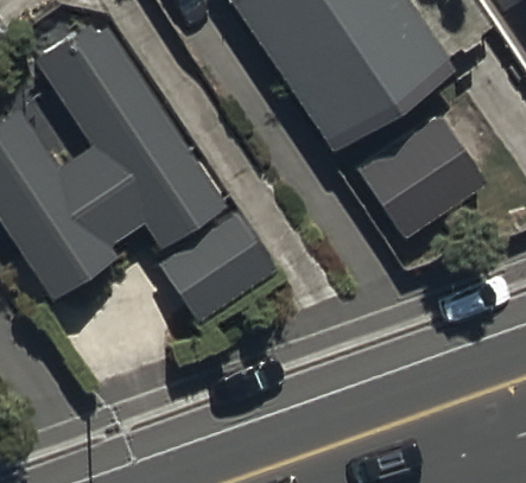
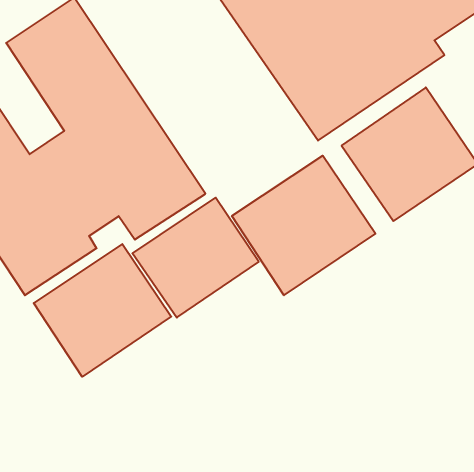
building: none -> [232,156,375,295]
building: none -> [34,244,171,377]

